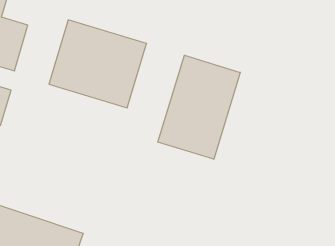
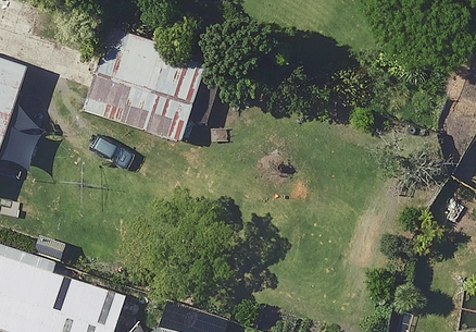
building: [158,55,240,159] -> none

